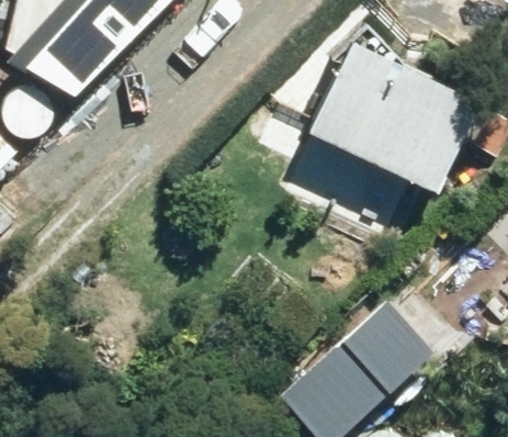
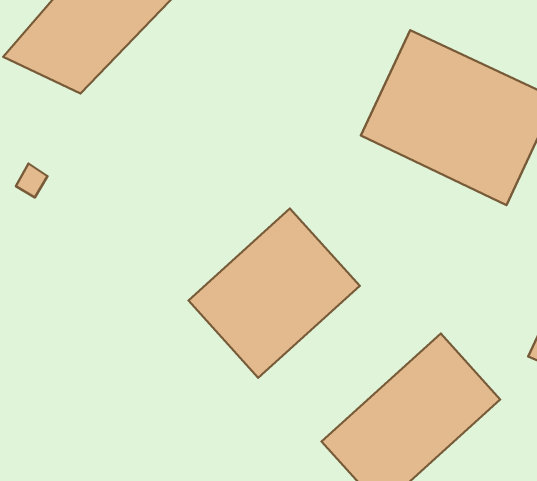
building: none -> [188,209,360,378]

